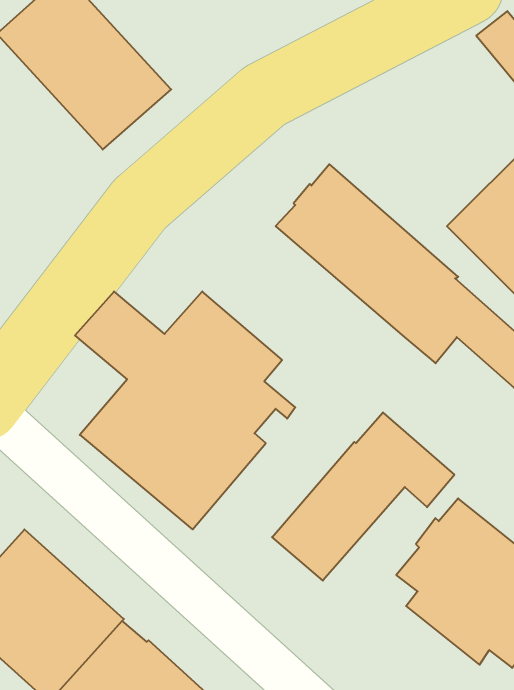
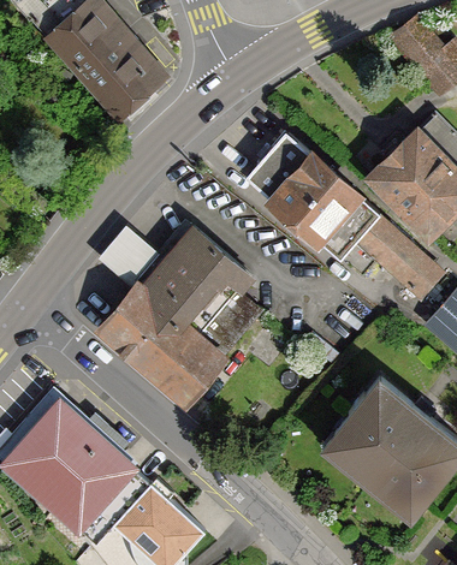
building: [272,412,454,581] -> none

